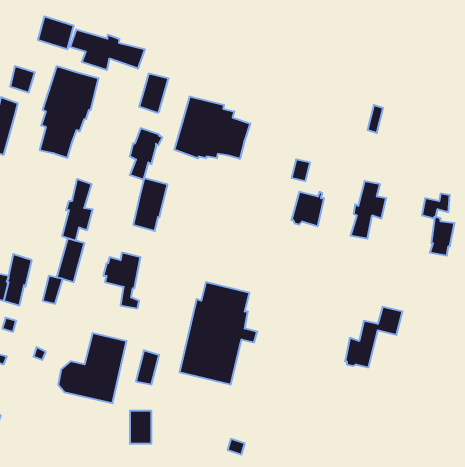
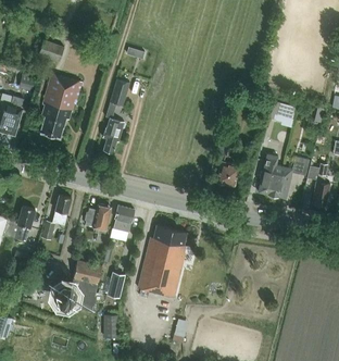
building: [70,29,145,70] -> none
building: [175,96,250,159] -> none
building: [133,178,167,231] -> [110,206,134,242]
building: [62,179,93,241] -> none
building: [345,307,403,367] -> [268,157,309,199]

